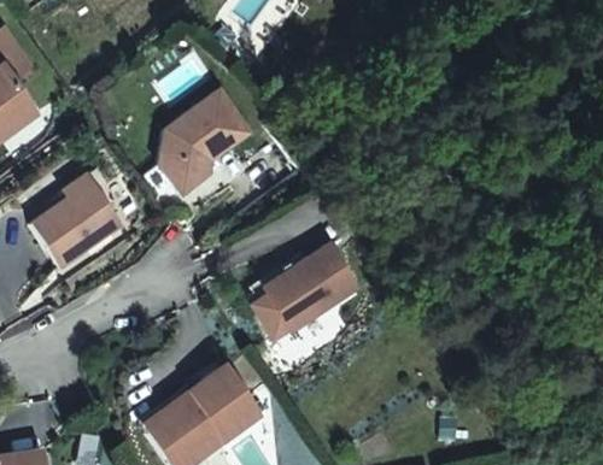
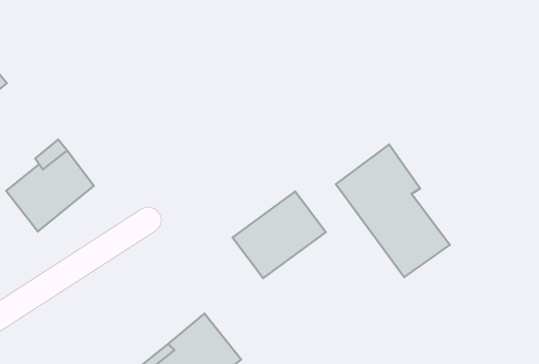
building: [147,87,253,194] -> none
building: none -> [336,145,450,277]

